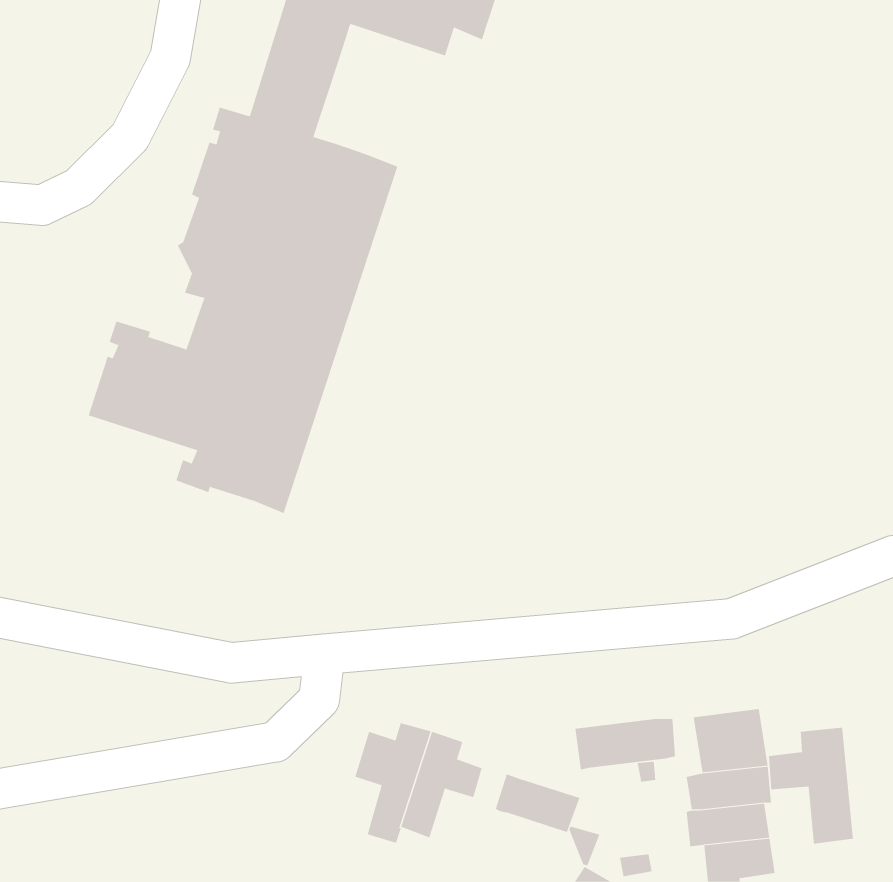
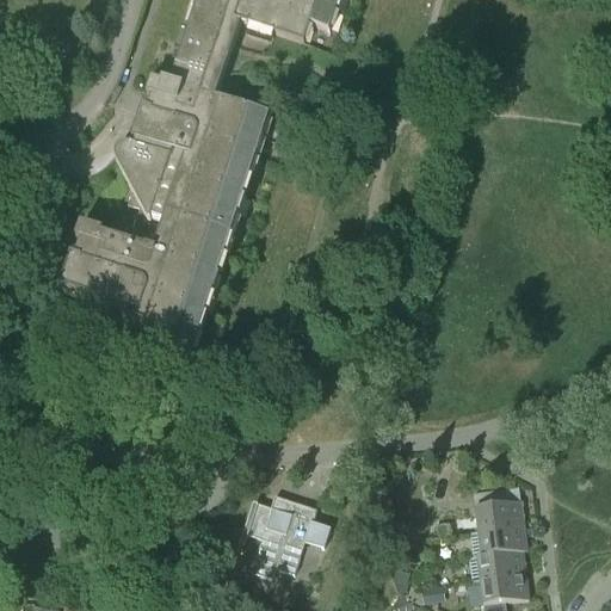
building: [575,718,676,770] -> none
building: [769,727,854,845] -> none
building: [495,774,580,833] -> none

